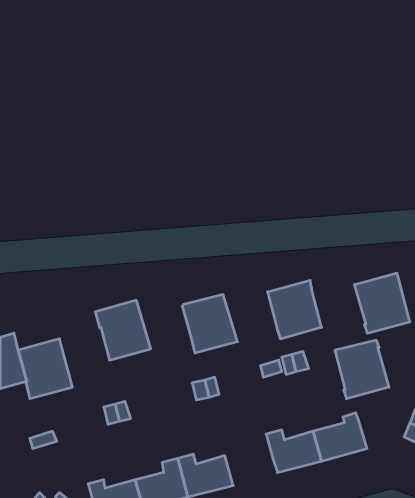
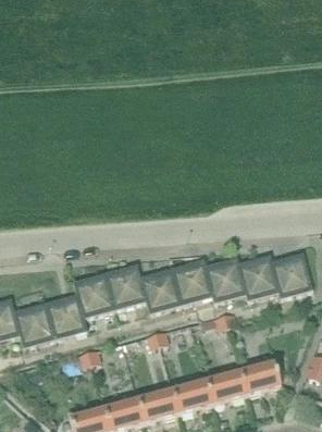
building: none -> [171,259,212,304]
building: none -> [104,263,146,309]
building: none -> [46,293,87,338]
building: [335,340,389,399] -> [238,255,280,299]
building: none -> [172,374,212,414]

